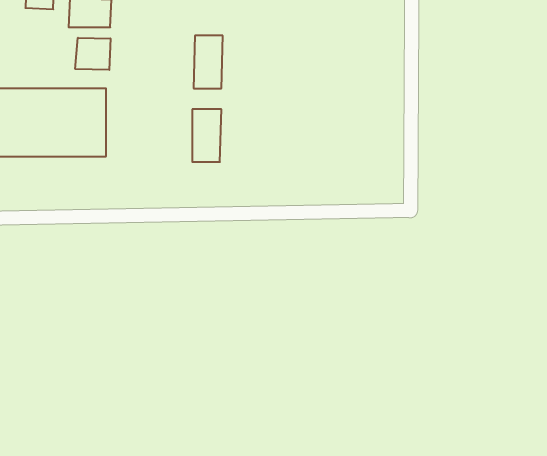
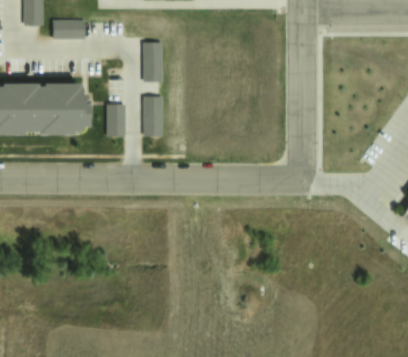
building: [75,38,110,70] -> none
building: none -> [107,106,128,136]

